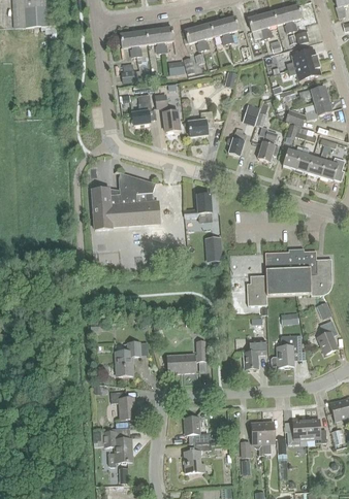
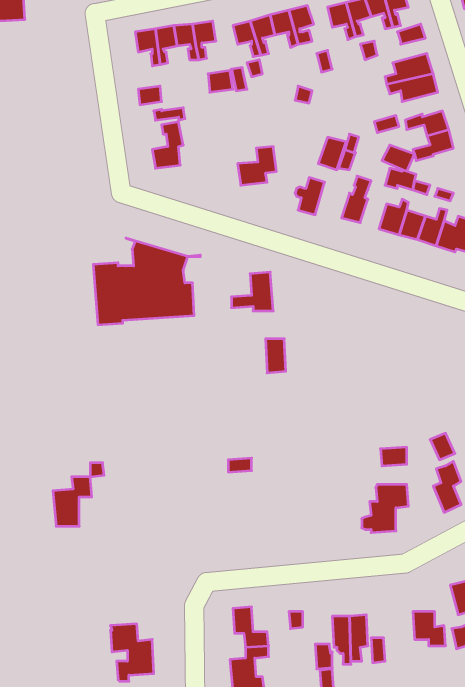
building: [155,94,180,131] -> none
building: [247,251,331,305] -> none
building: [243,339,266,369] -> none
building: [167,340,205,373] -> none
building: [115,342,140,375] -> [53,477,92,526]
building: [110,391,135,420] -> none
building: [284,420,306,444] -> none

